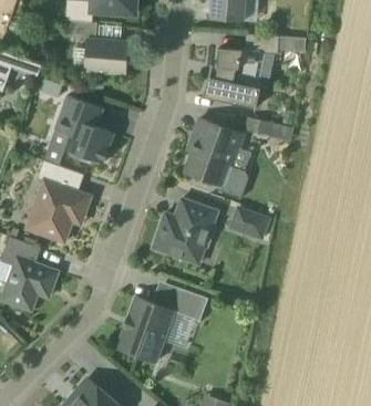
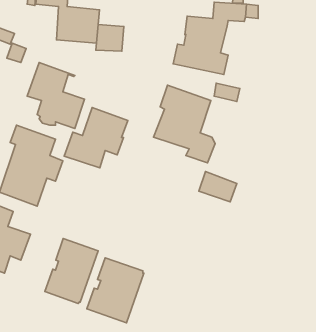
building: none -> [96,24,124,51]
building: [152,199,217,261] -> [64,107,128,168]
building: none -> [45,239,98,303]
building: [173,289,207,321] -> none

